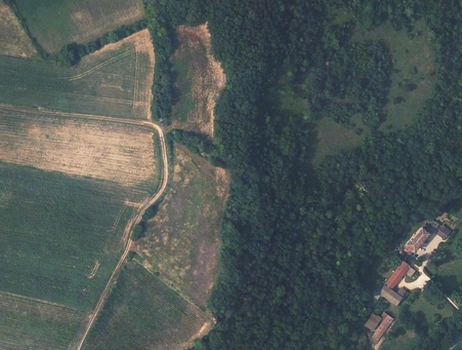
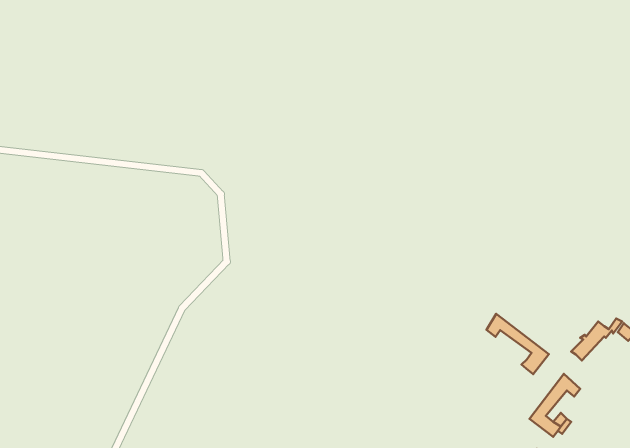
building: none -> [487,314,549,374]

